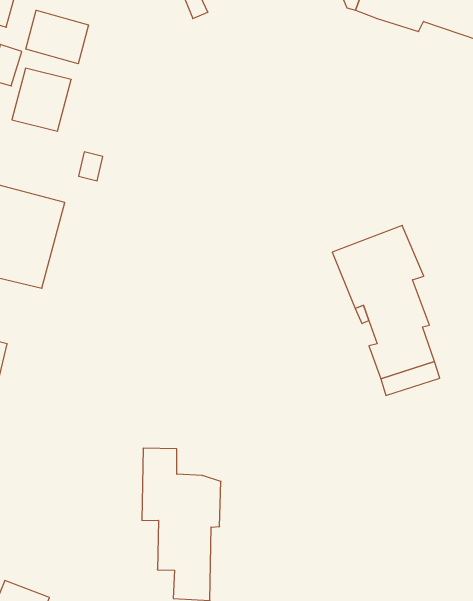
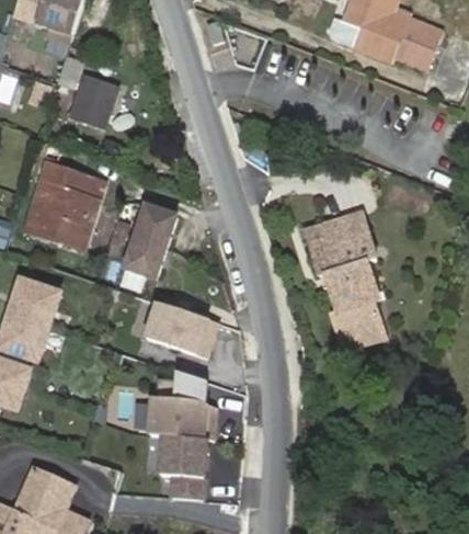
building: [26,10,88,64] -> none
building: none -> [123,204,174,276]
building: none -> [142,300,214,355]

